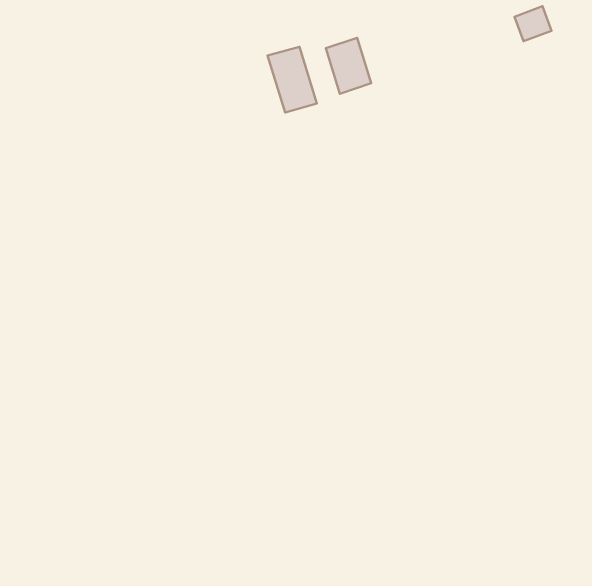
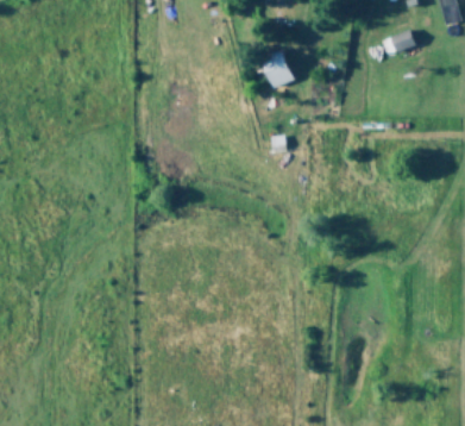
building: [268,47,317,112] -> none

